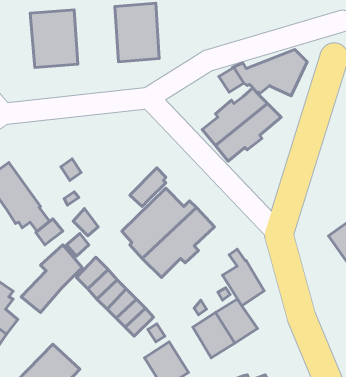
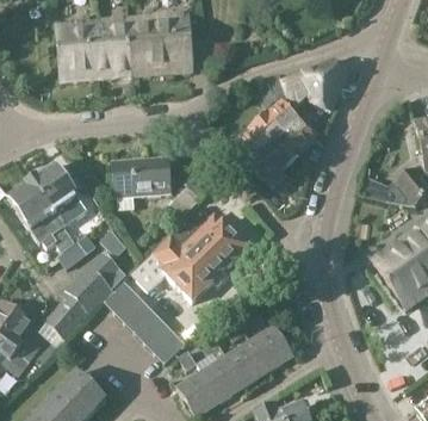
building: none -> [101,14,148,75]
building: none -> [112,157,170,197]
building: none -> [32,163,88,225]
building: [222,249,264,306] -> [201,341,246,401]

